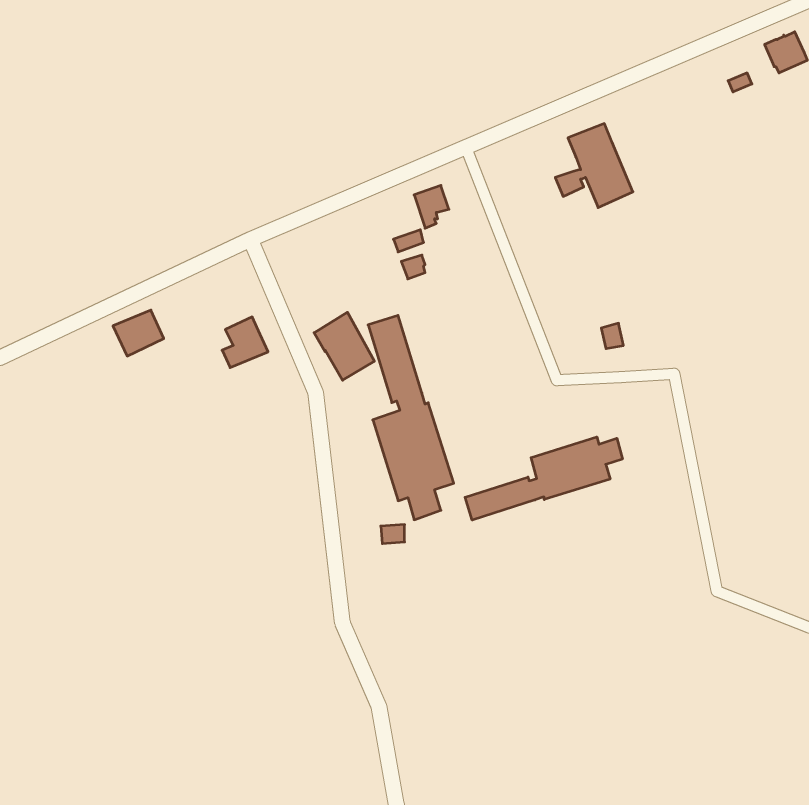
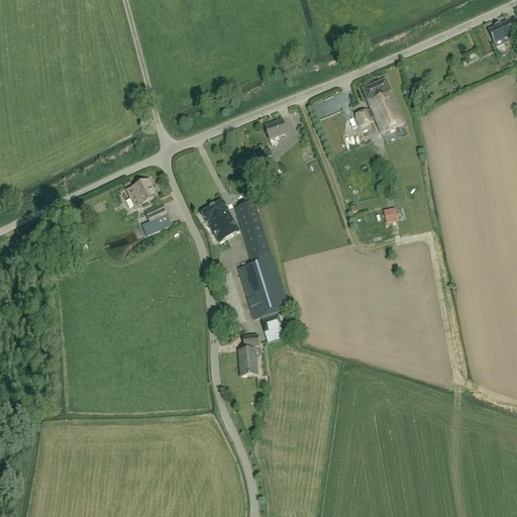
building: [113,310,164,356] -> [124,178,157,207]
building: [465,437,622,520] -> none
building: none -> [237,348,262,376]

